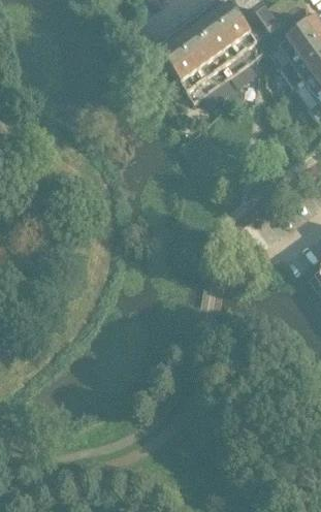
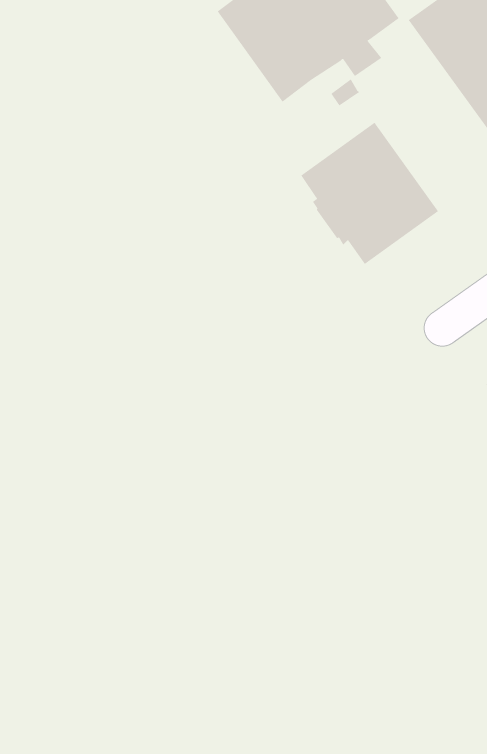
building: none -> [300,122,439,265]

